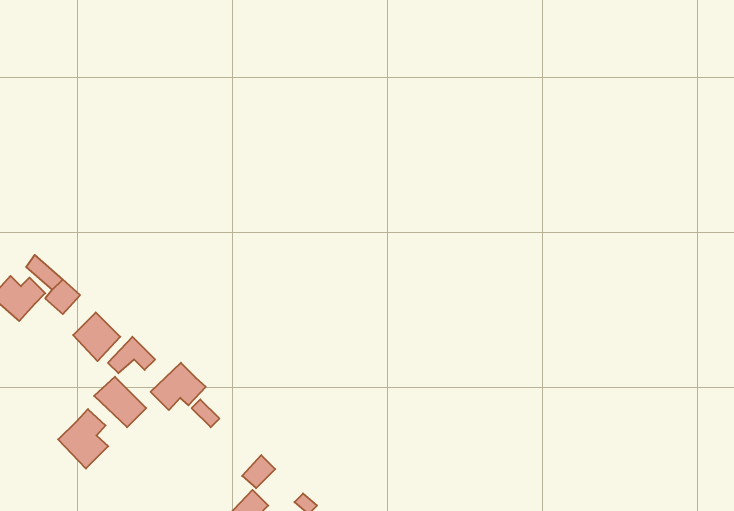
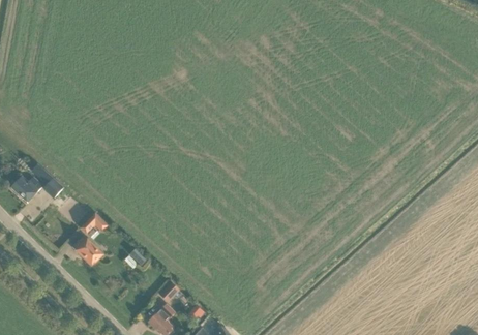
building: [151,363,206,410] -> none
building: [58,409,108,469] -> none

